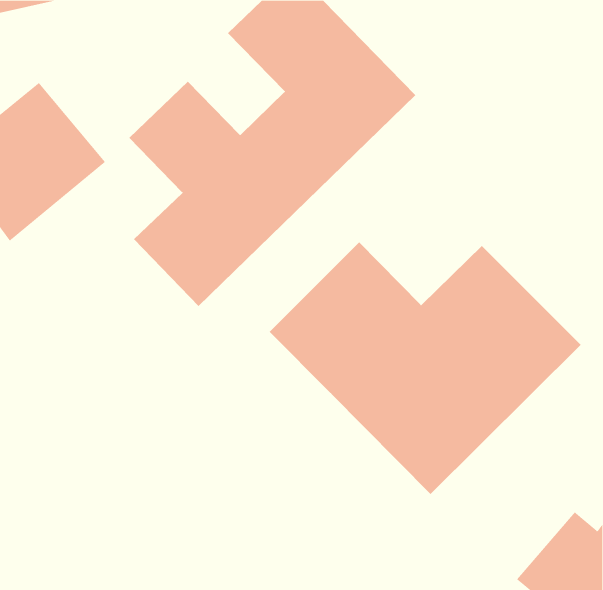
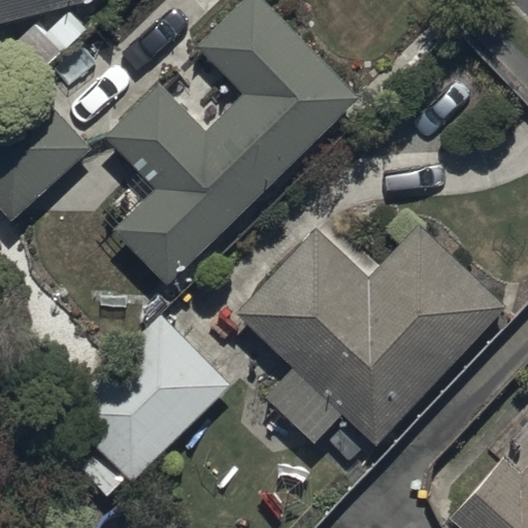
building: none -> [62,319,227,483]

